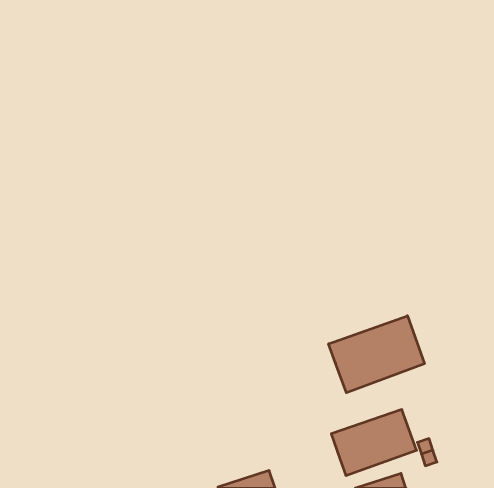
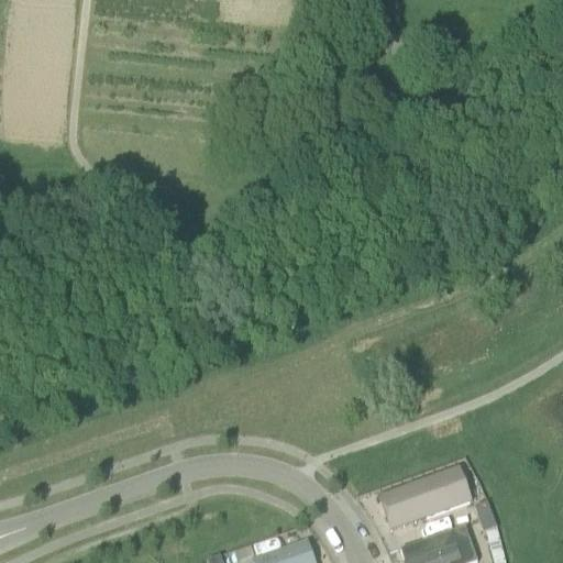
building: [329,316,424,393] -> none

